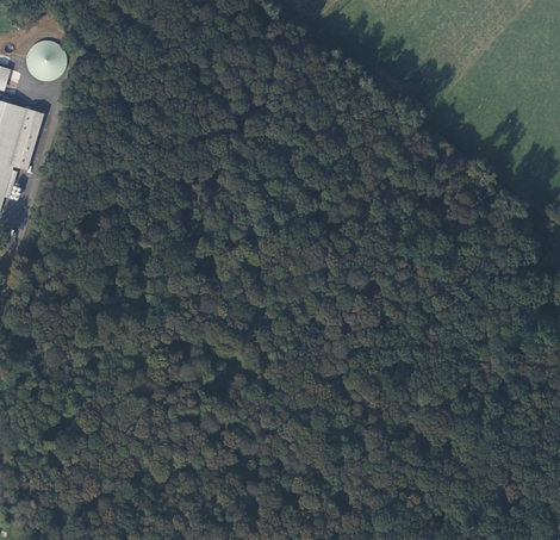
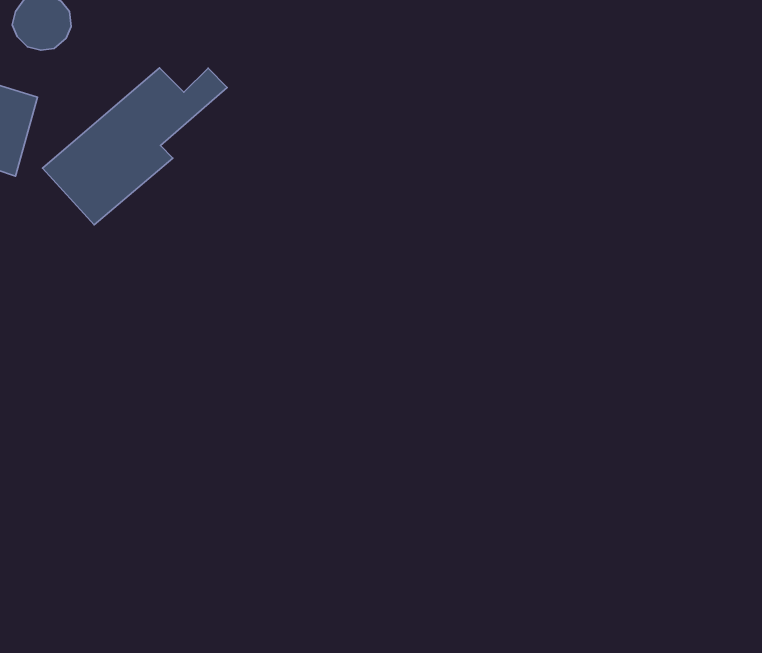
building: none -> [42,68,227,225]

